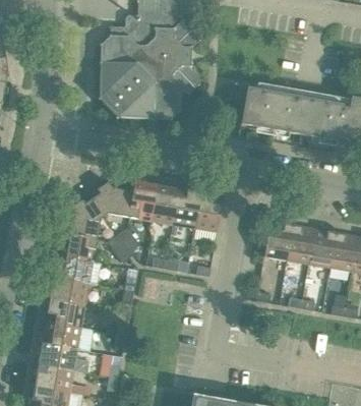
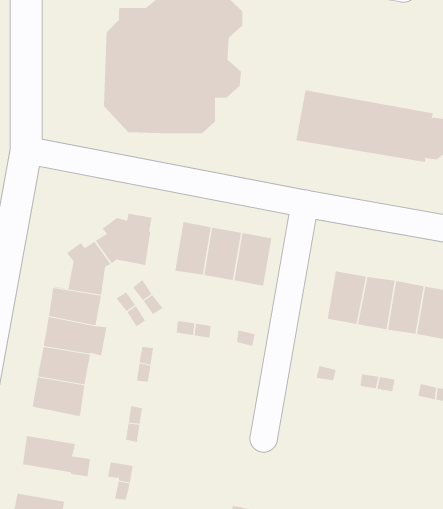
building: [129,180,157,220] -> none
building: [41,321,94,350] -> none
building: [34,363,73,391] -> none

